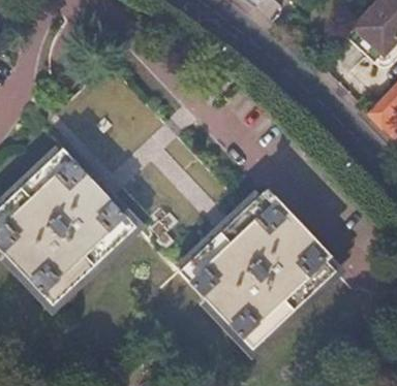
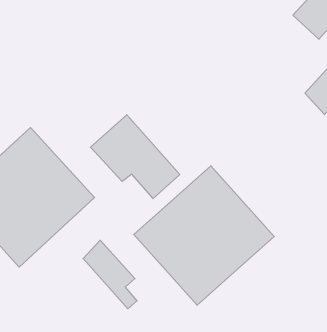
building: none -> [90,115,180,199]
building: none -> [83,240,137,309]

